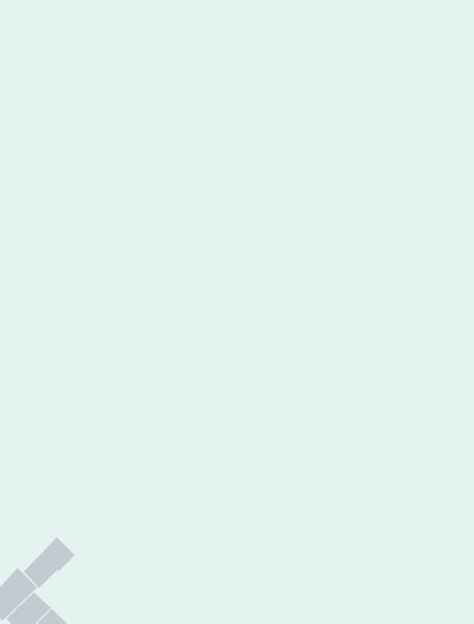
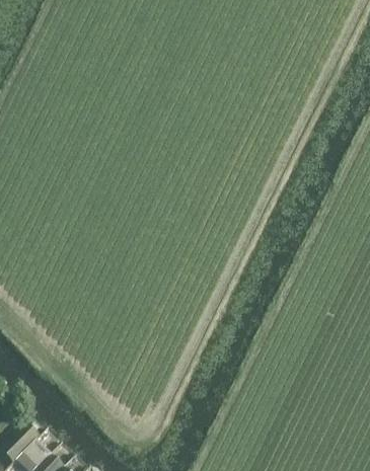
building: [23,537,75,589] -> none

